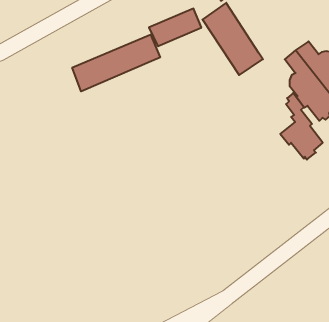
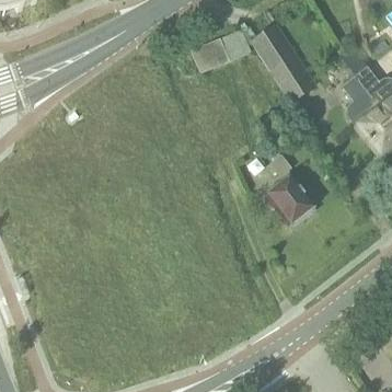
building: [72,35,160,91] -> none
building: [280,93,323,160] -> [265,148,312,221]

